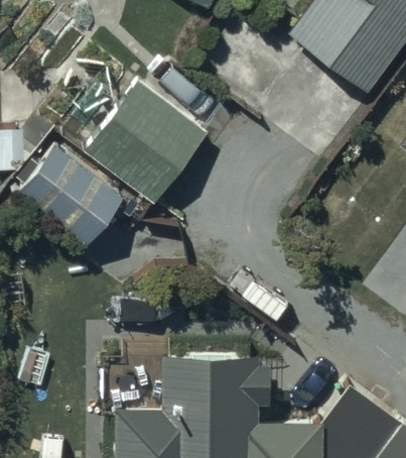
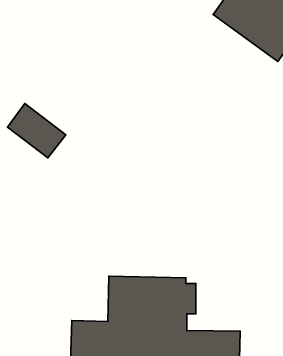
building: [85,82,207,203] -> none

